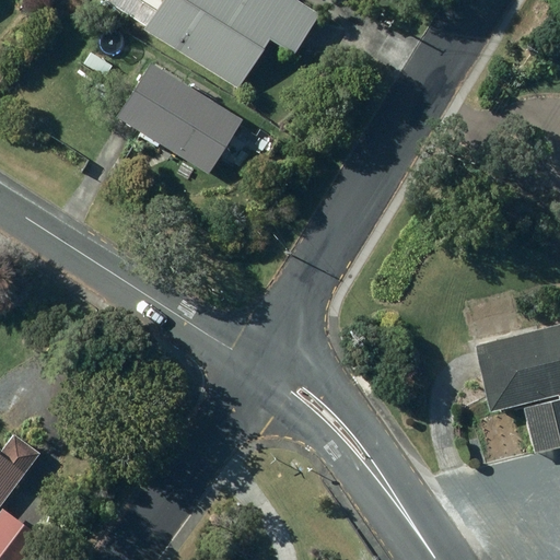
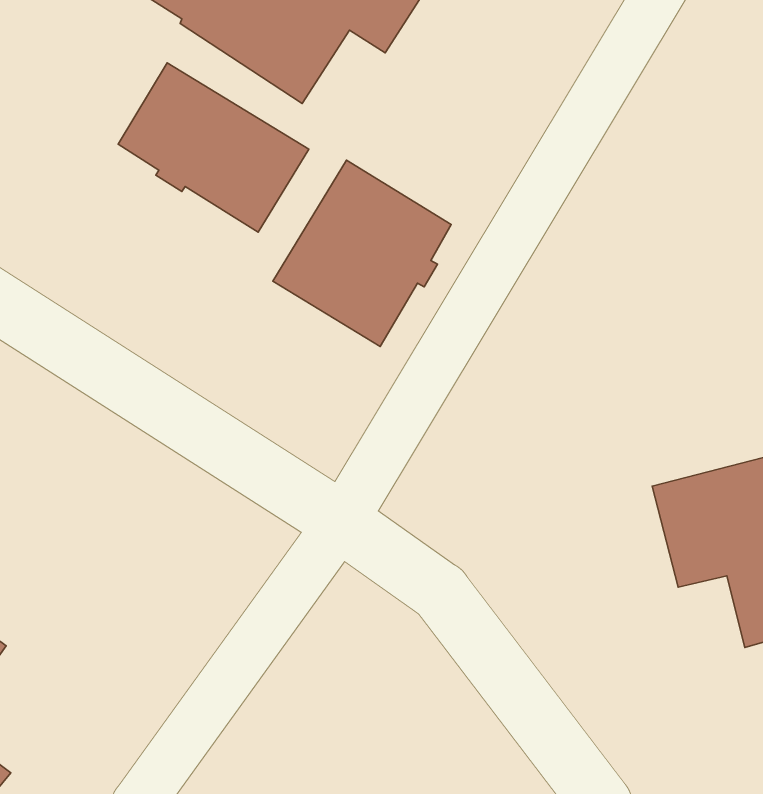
building: none -> [273,160,451,347]

